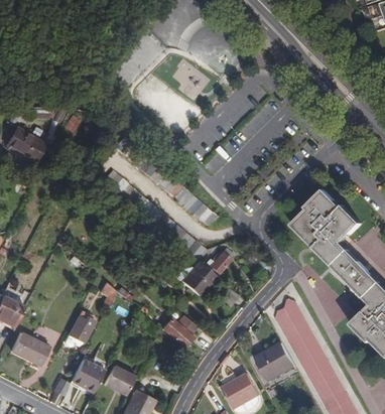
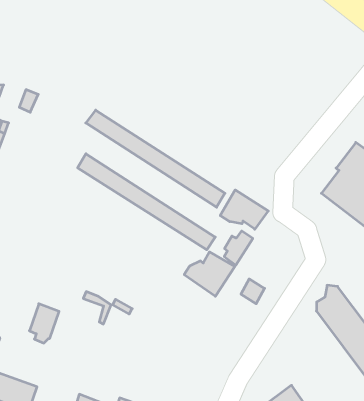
building: none -> [220,190,268,229]
building: [69,313,94,344] -> [29,304,59,343]
building: [163,314,198,346] -> none
building: [255,343,293,381] -> none

